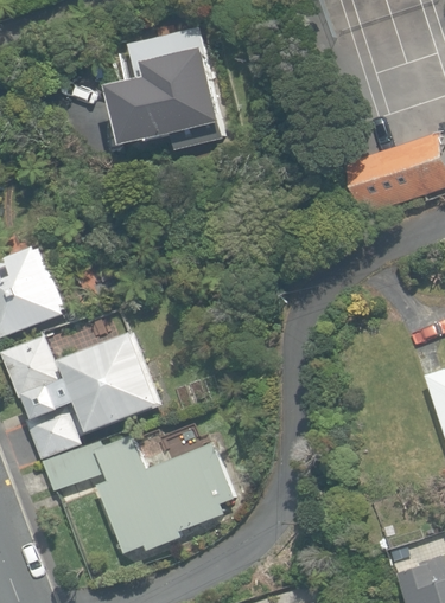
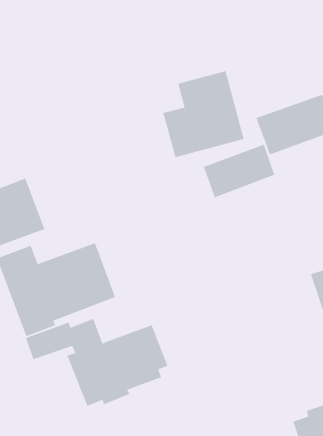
building: [113,28,223,146] -> [163,70,245,158]
building: none -> [203,144,275,198]

